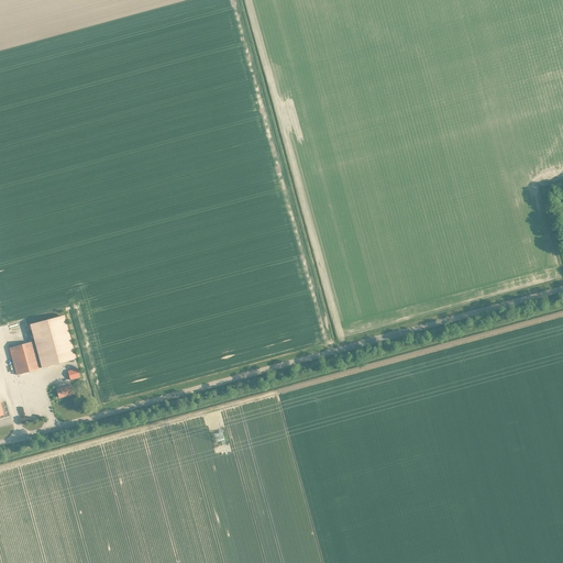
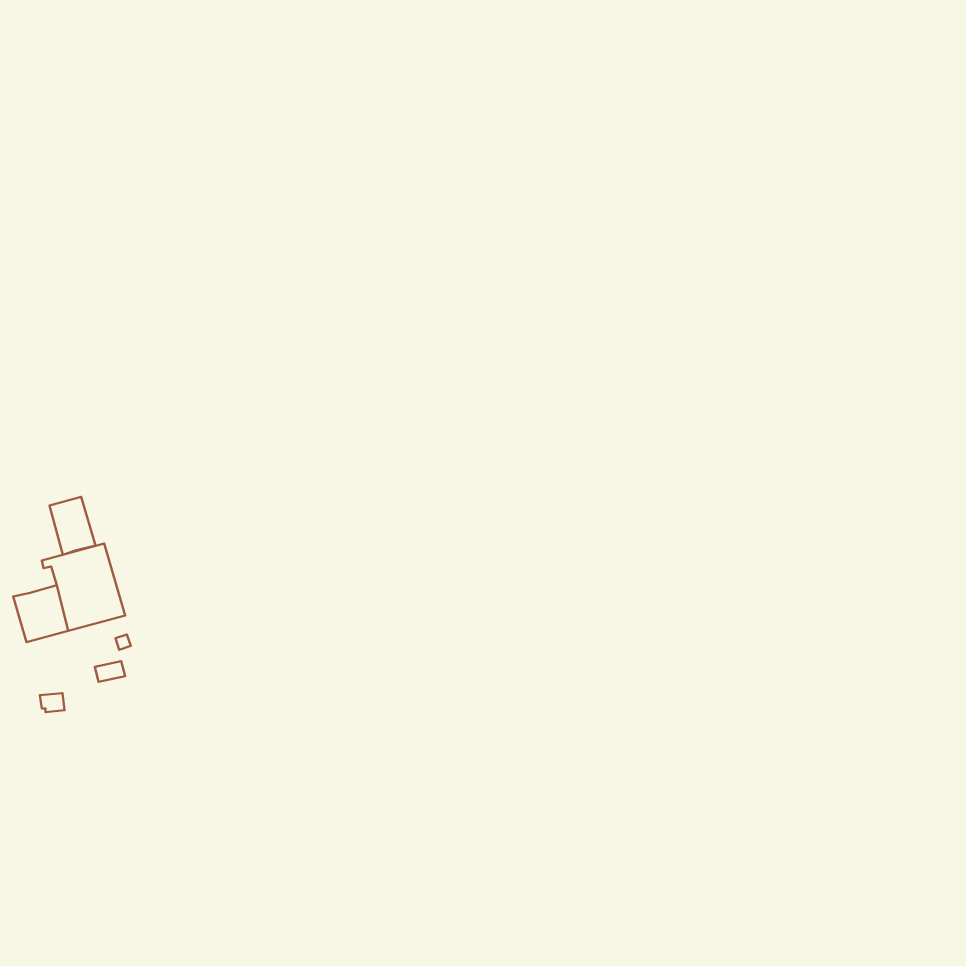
building: none -> [50,497,96,555]

